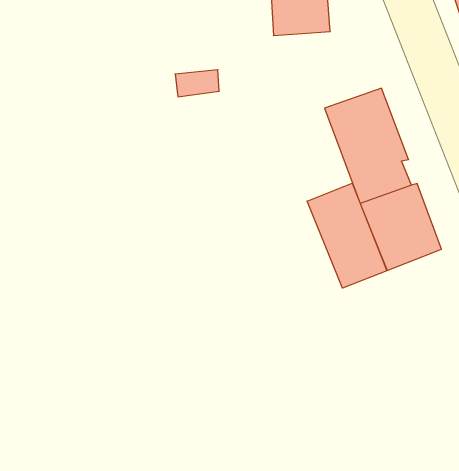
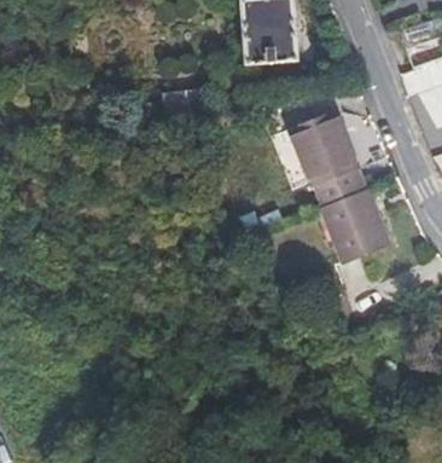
building: [307,183,387,288] -> none

